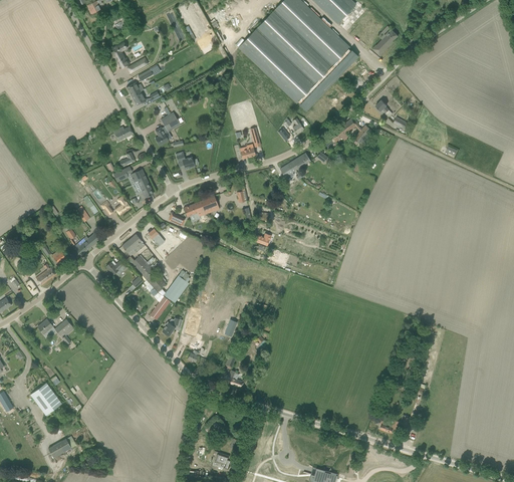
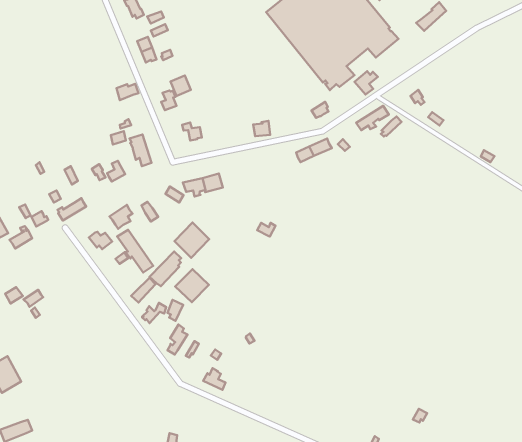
building: none -> [174,222,209,258]
building: none -> [175,269,209,302]

